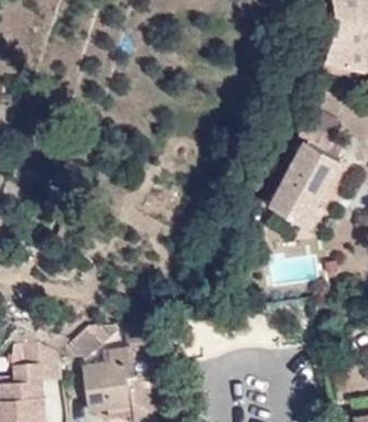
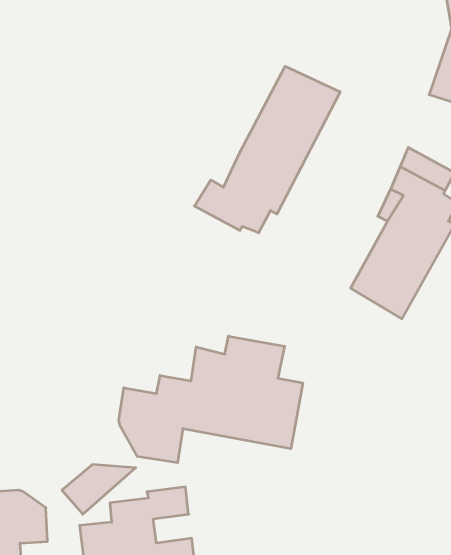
building: none -> [194,66,340,233]
building: none -> [119,336,303,463]

